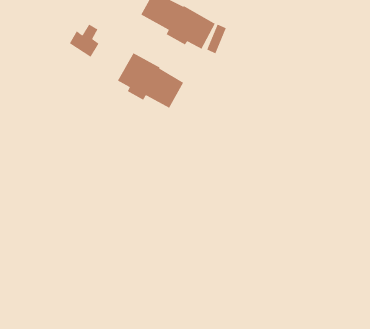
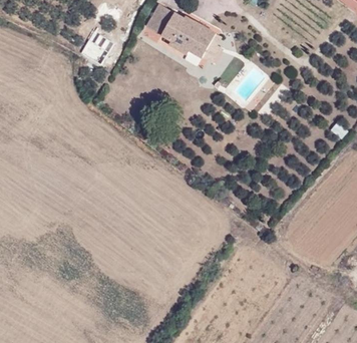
building: [117,52,184,109] -> none

